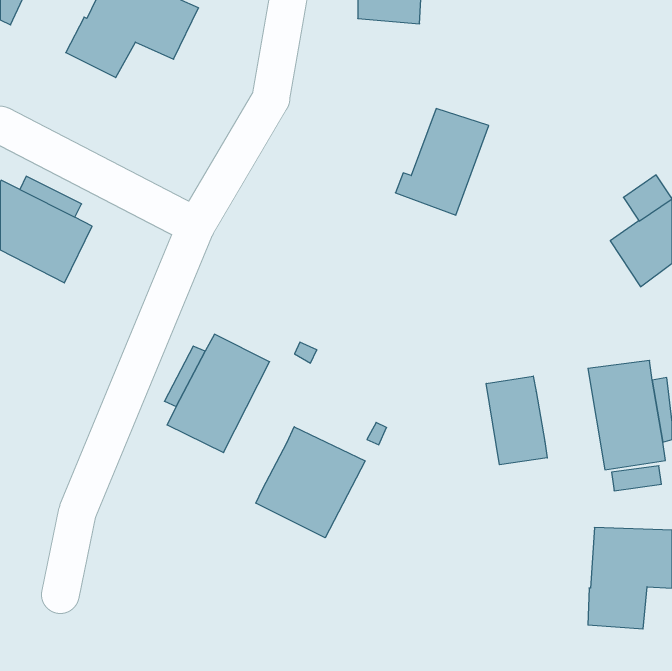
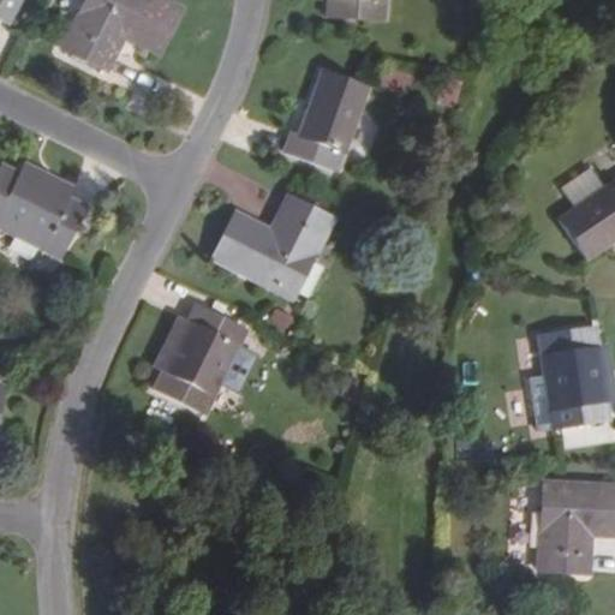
building: [395,109,489,215] -> [283,73,369,171]
building: none -> [213,197,333,298]
building: [486,376,547,465] -> none
building: [256,427,365,538] -> none

